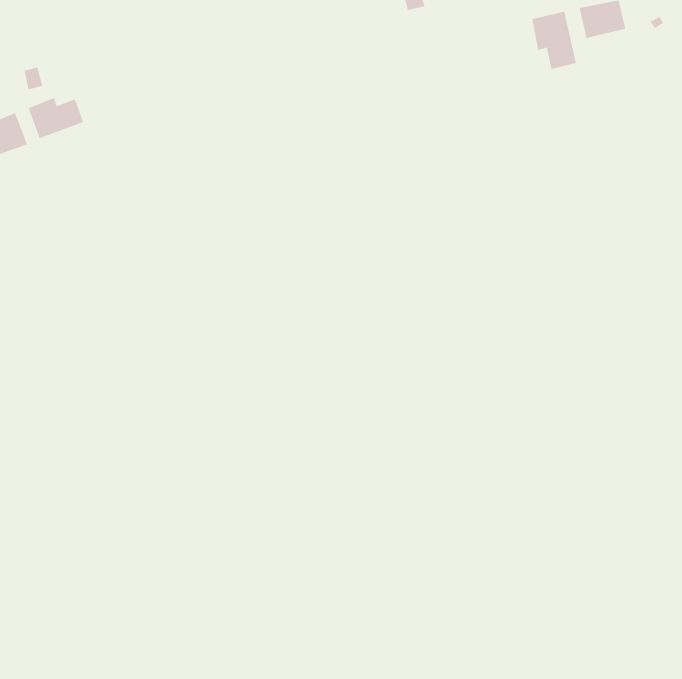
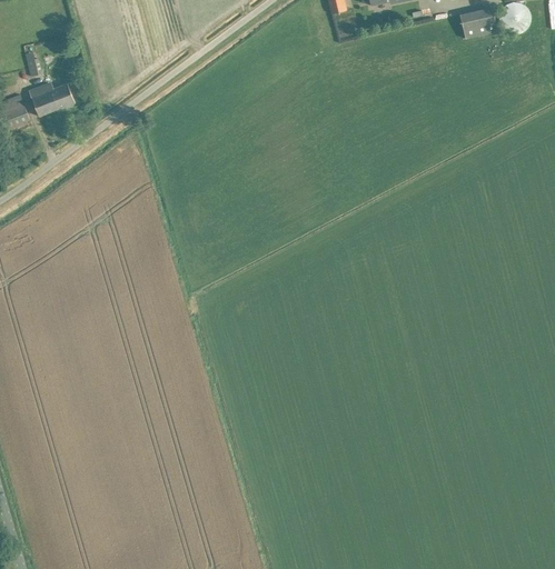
building: [532,11,576,70] -> none

